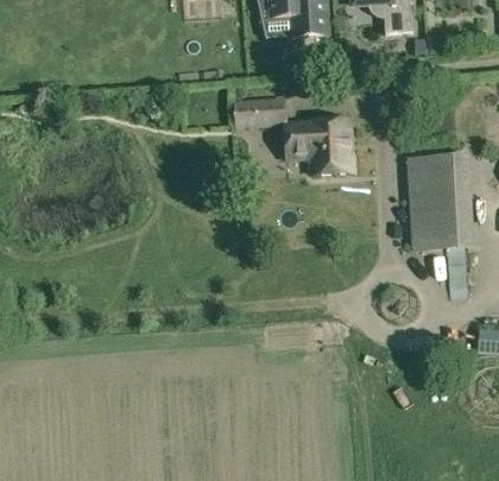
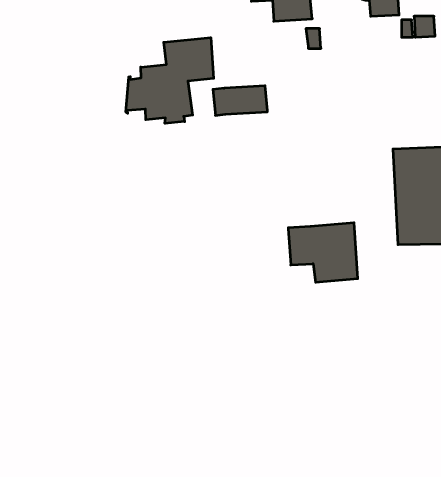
building: none -> [126,38,214,123]
building: [285,116,352,173] -> [288,223,358,282]

